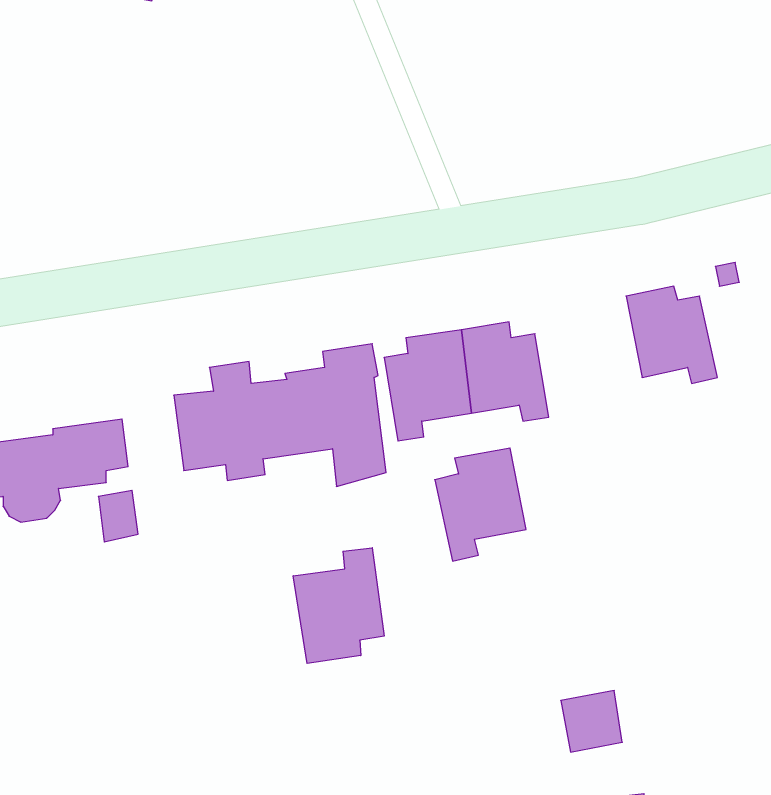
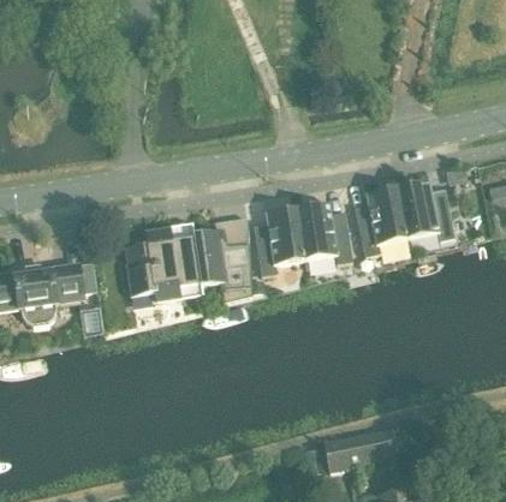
building: [435,448,526,561] -> [353,186,409,255]
building: [293,548,384,663] -> none
building: none -> [325,431,365,470]

